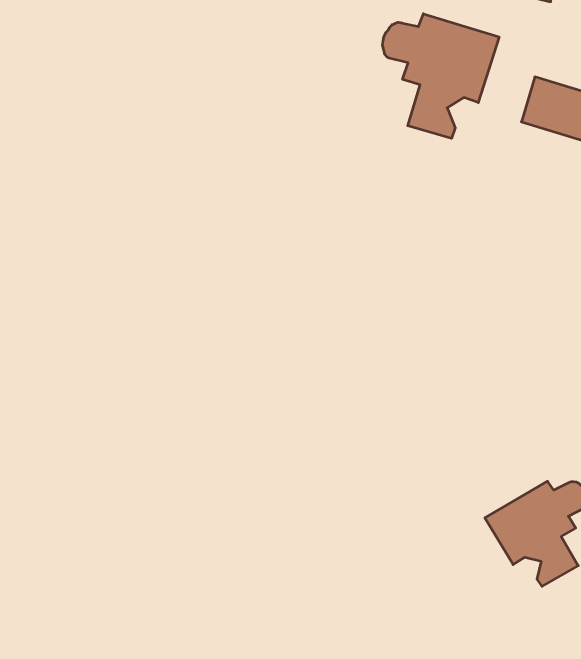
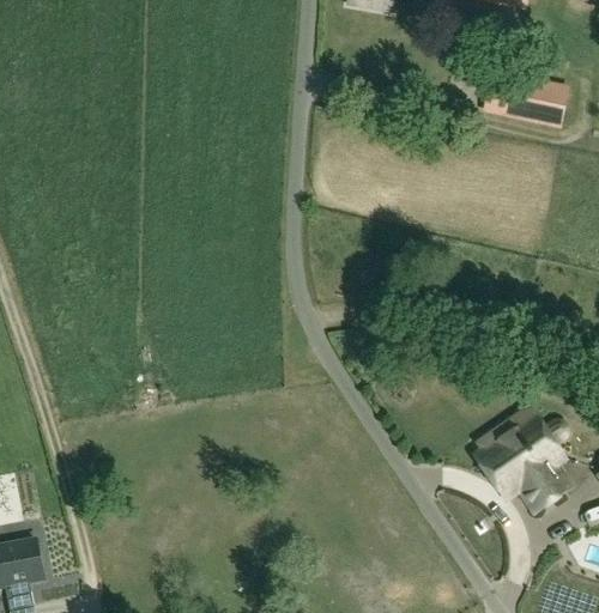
building: [382,14,499,138] -> none

